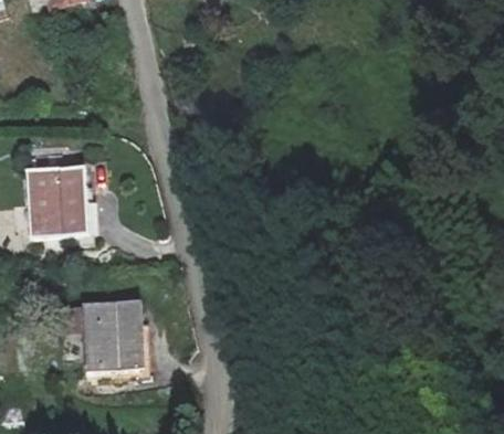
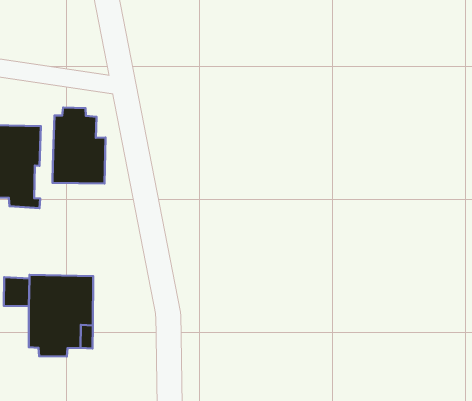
building: none -> [53,108,106,183]

